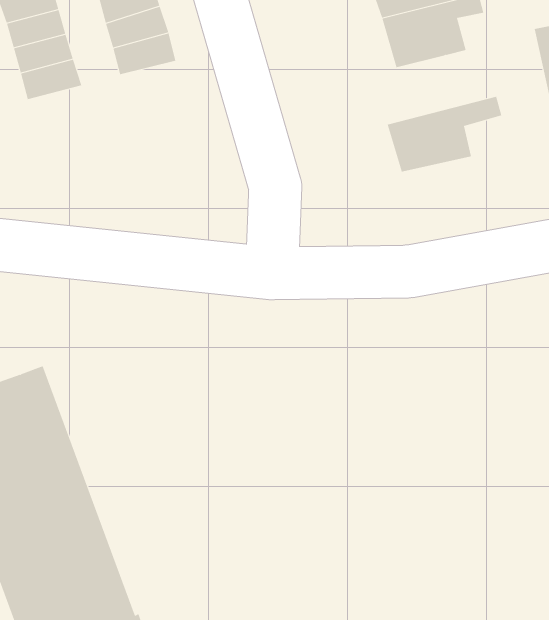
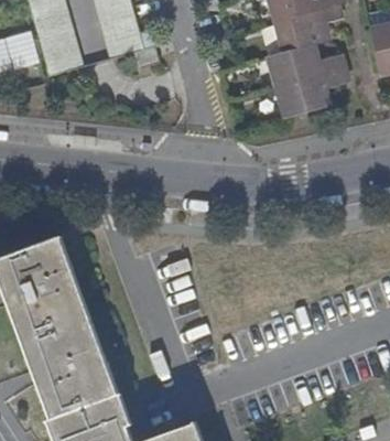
building: none -> [264,46,342,89]

